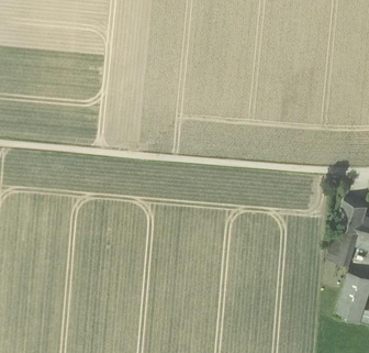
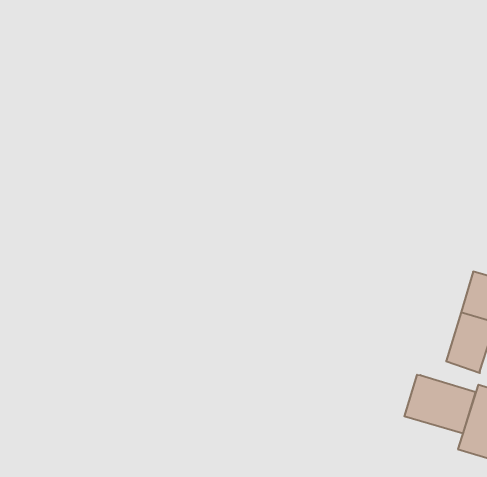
building: none -> [404,375,476,433]

